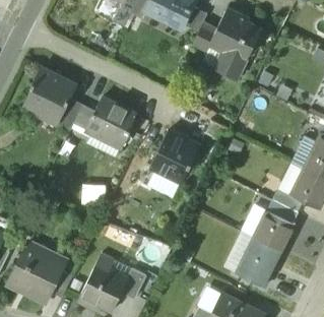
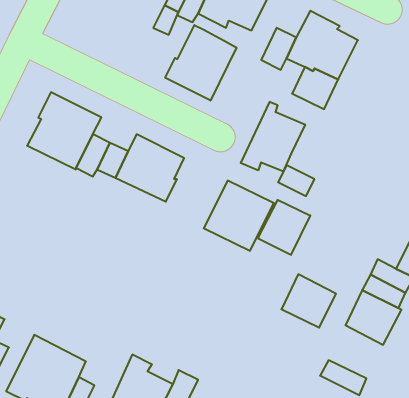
building: none -> [165,25,236,101]
building: none -> [241,102,305,172]
building: none -> [258,200,310,255]
building: [241,237,280,275] -> [281,274,336,328]

